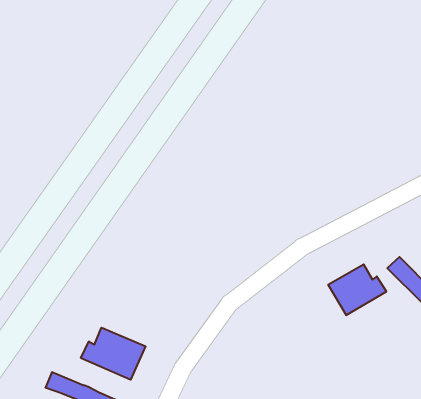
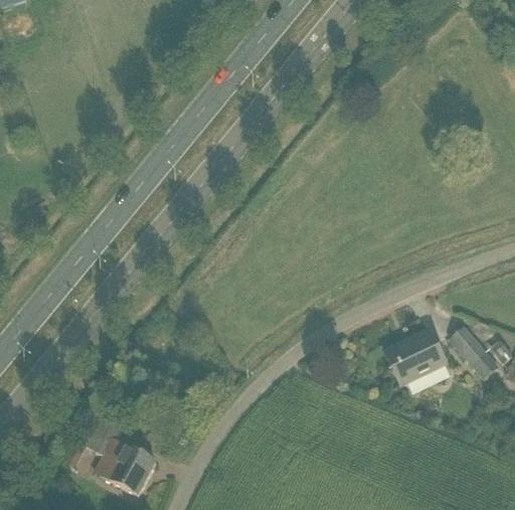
building: [81,328,146,380] -> none

